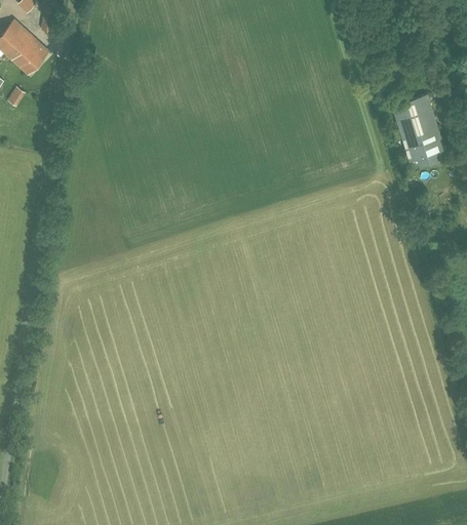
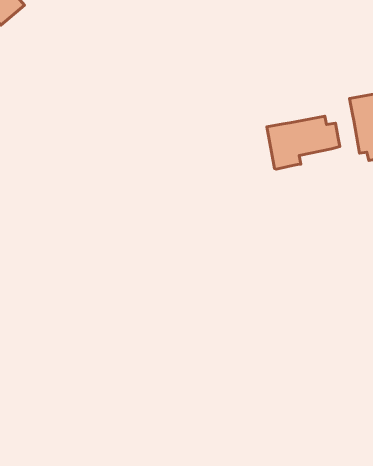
building: none -> [267,116,340,169]

